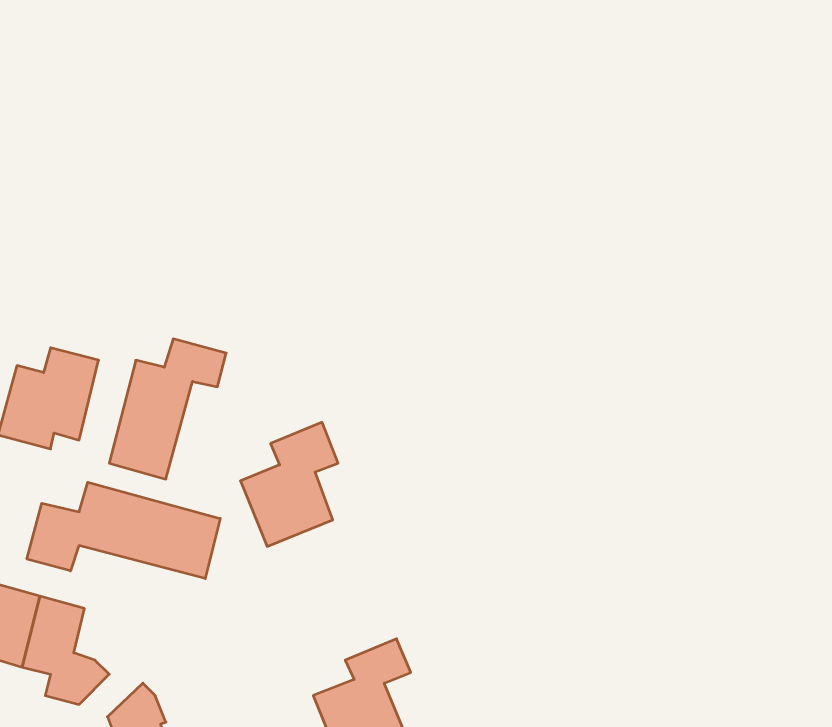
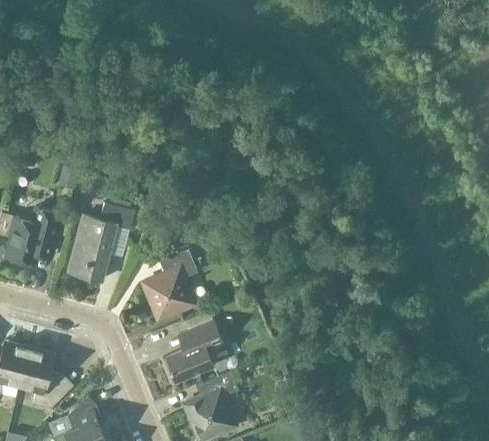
building: [27,482,220,579] -> none
building: none -> [160,321,222,381]

